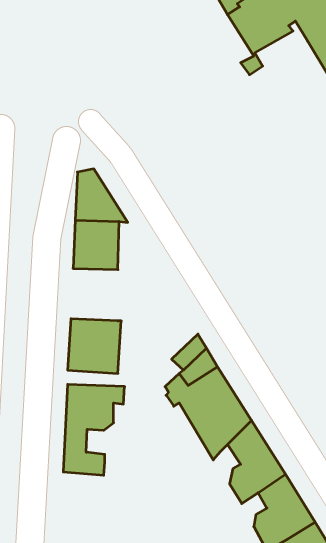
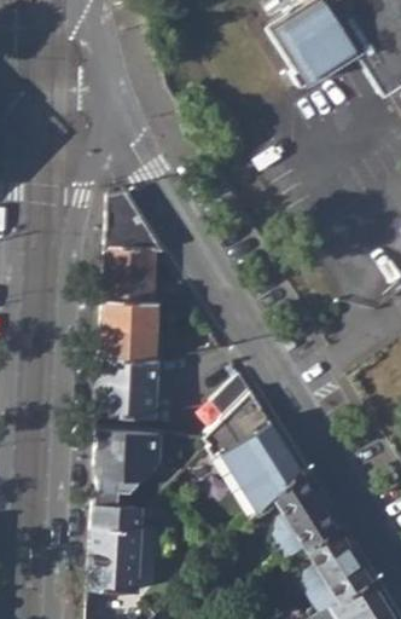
building: none -> [101,302,157,360]
building: none -> [89,527,141,592]

